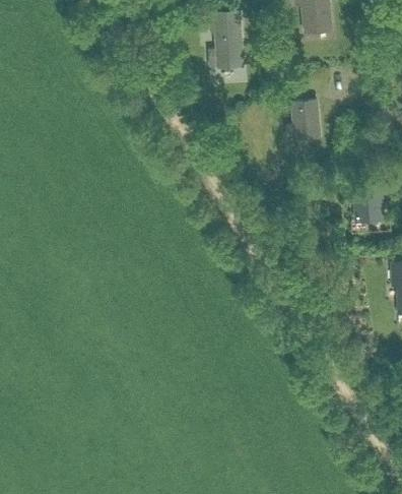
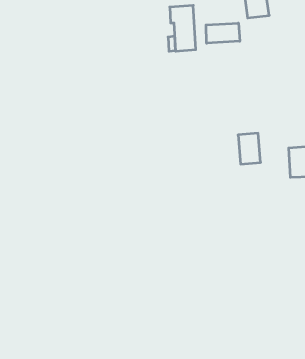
building: none -> [206,23,240,43]
building: [292,102,320,139] -> [238,133,261,164]

